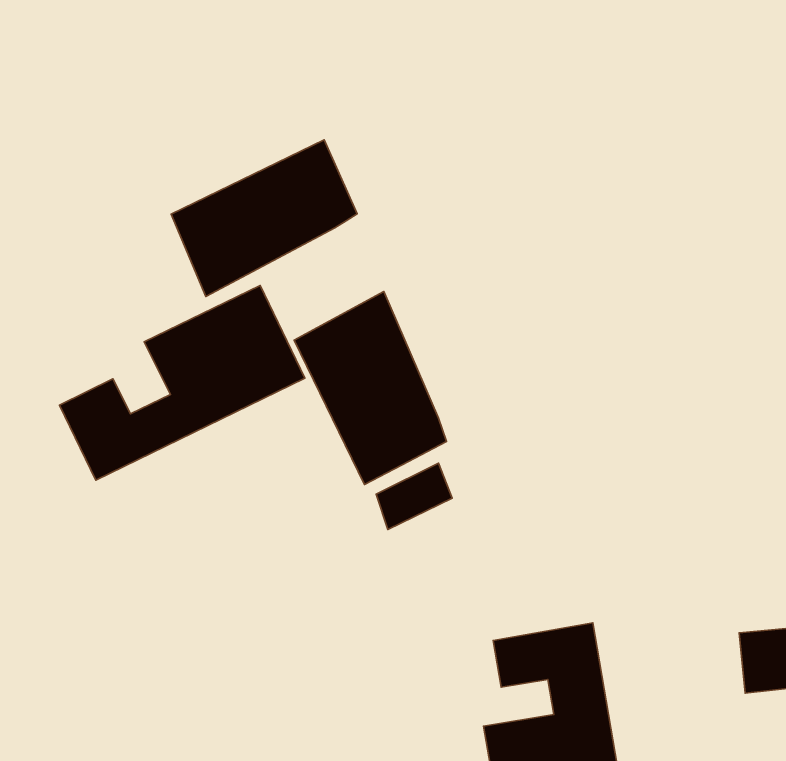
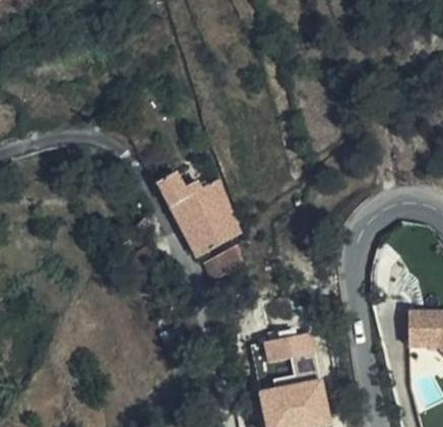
building: [171,140,357,297] -> none
building: [60,285,305,480] -> none

